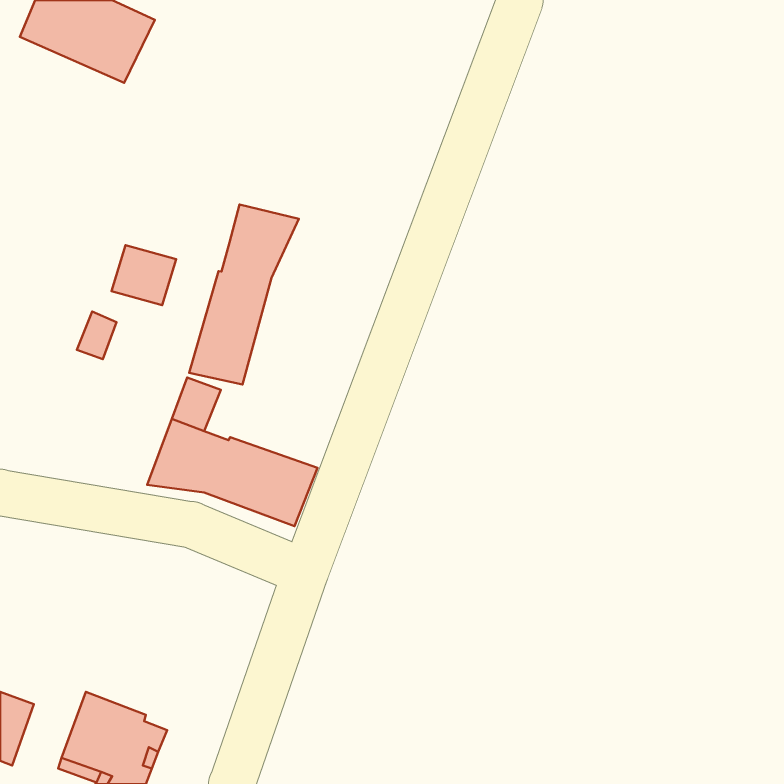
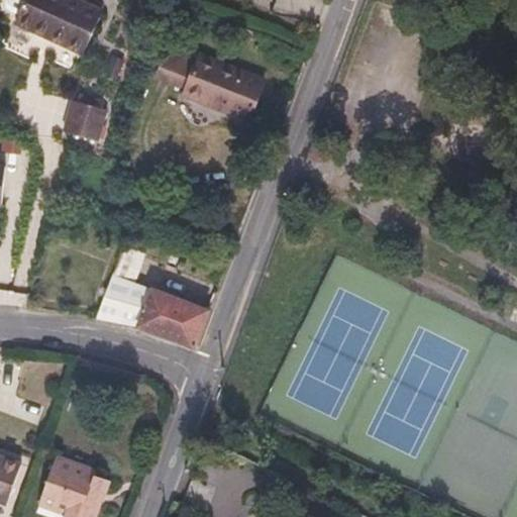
building: none -> [160,54,263,119]
building: [189,204,299,384] -> none
building: [112,245,176,305] -> [65,103,107,142]

